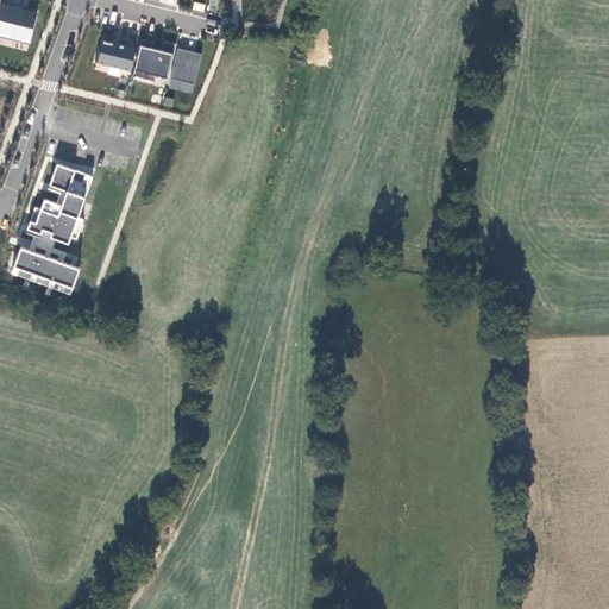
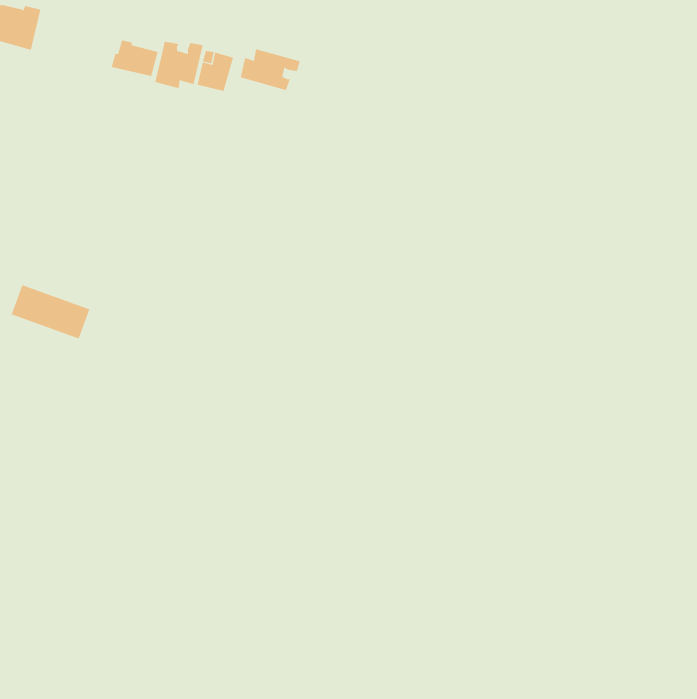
building: none -> [240,48,301,91]
building: [25,164,92,245] -> none

